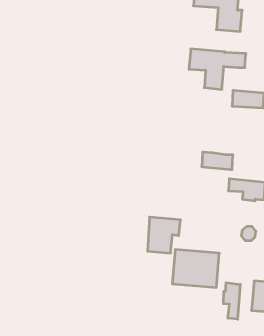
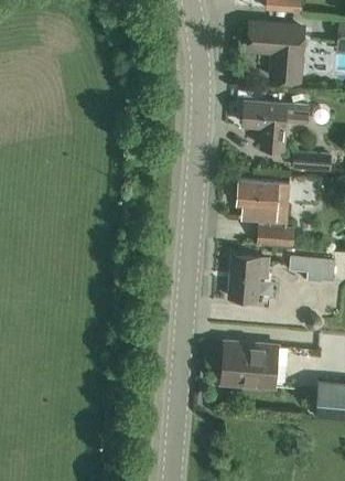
building: none -> [236,179,290,221]
building: [148,217,181,253] -> [229,256,269,299]
building: [223,283,240,319] -> none

